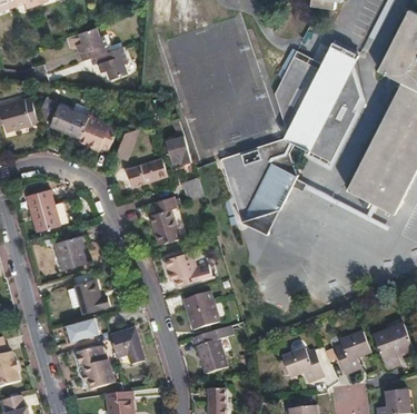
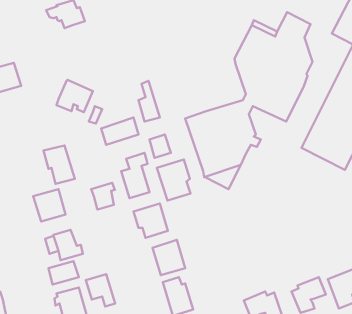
building: [99,47,128,77] -> none
building: [50,105,89,137] -> none
building: [24,190,59,233] -> [43,146,75,184]
building: none -> [157,159,190,200]
building: none -> [91,183,115,209]

